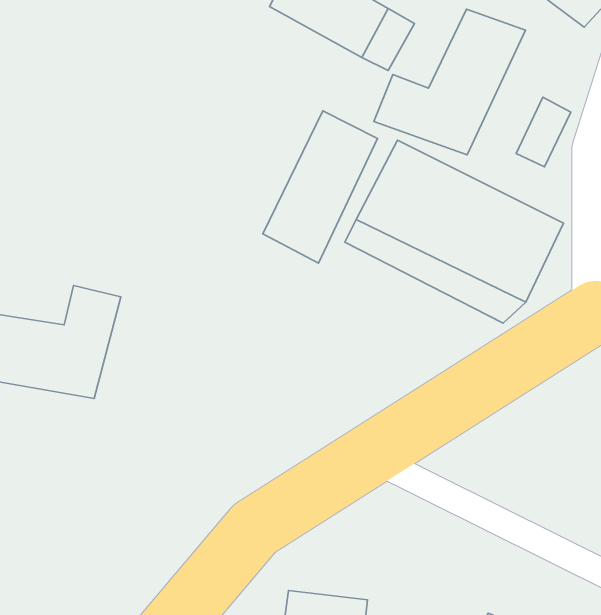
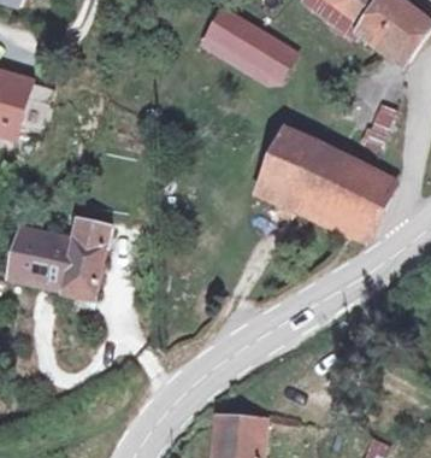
building: [374,9,525,155] -> none
building: [263,111,378,263] -> none

